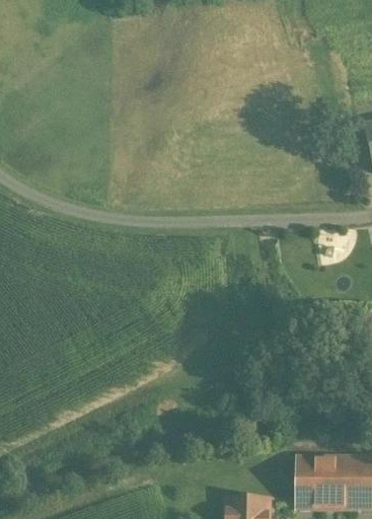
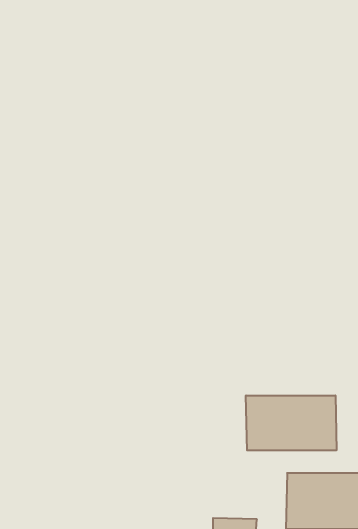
building: none -> [246,395,336,450]

